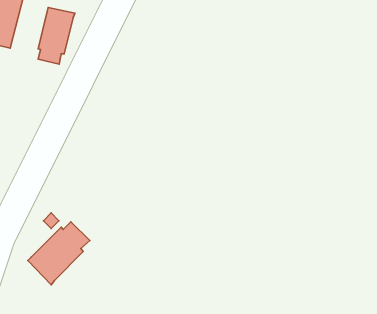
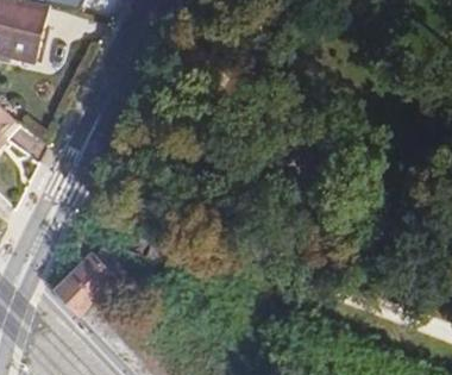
building: [38,7,75,64] -> none

